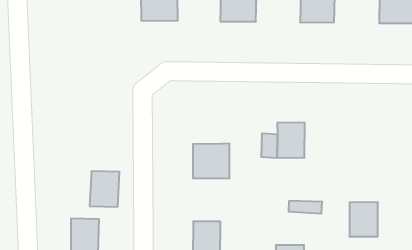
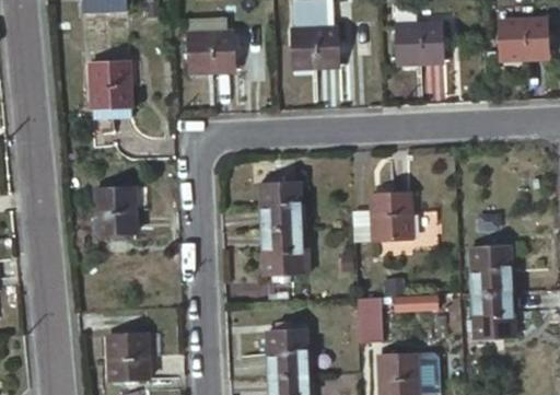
building: none -> [91,61,129,109]
building: none -> [261,181,301,229]
building: none -> [471,246,511,294]
building: [90,171,120,207] -> [97,186,135,233]
building: none -> [357,297,382,339]

